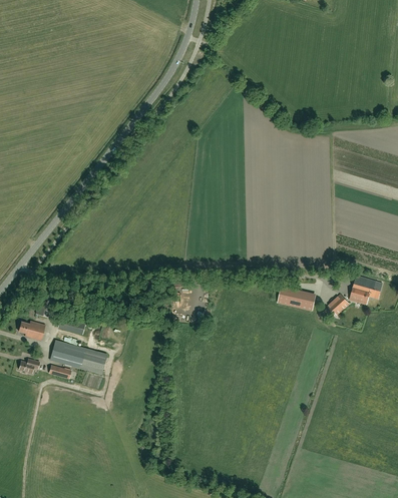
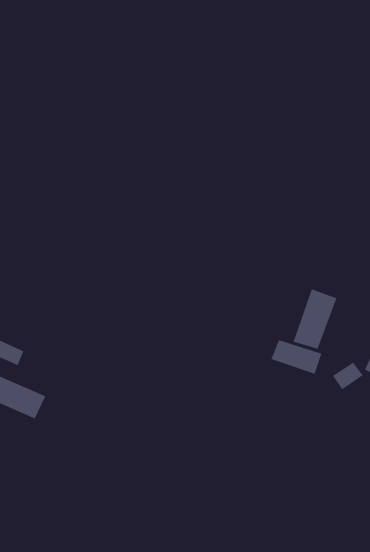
building: none -> [293,289,337,350]

